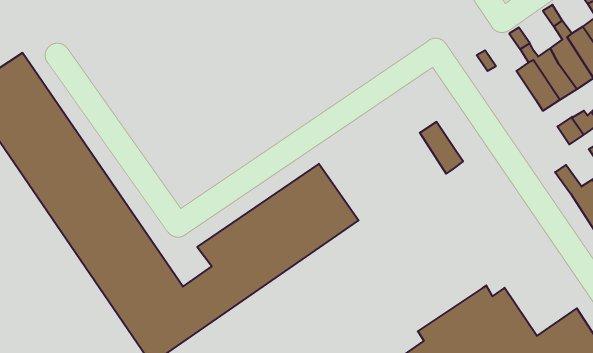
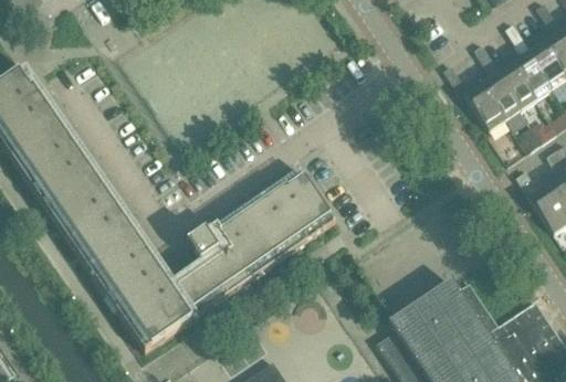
building: [420,122,463,174] -> [465,84,505,131]

